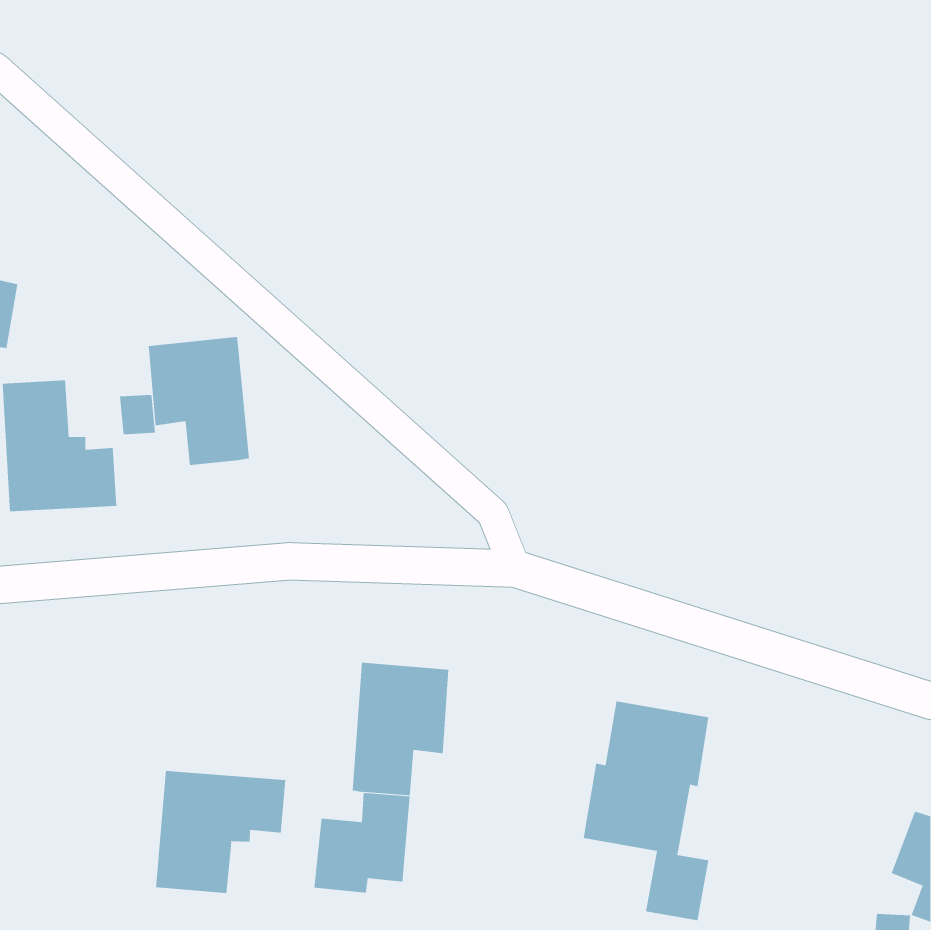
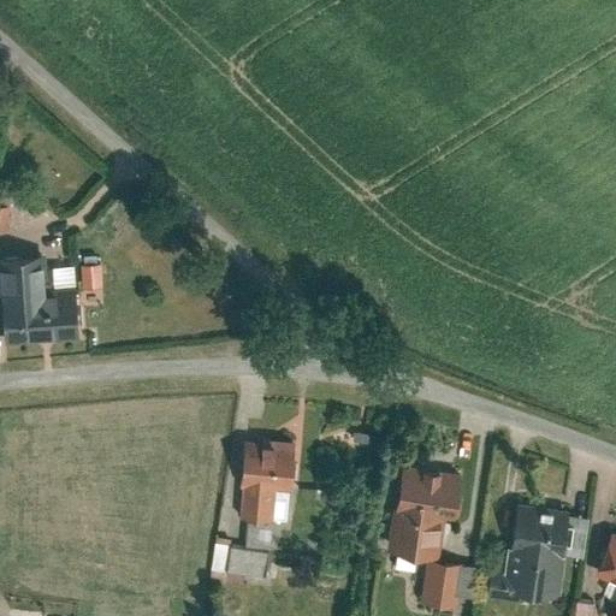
building: [148,336,249,466] -> none
building: [155,770,286,894] -> none
building: none -> [505,513,579,608]

